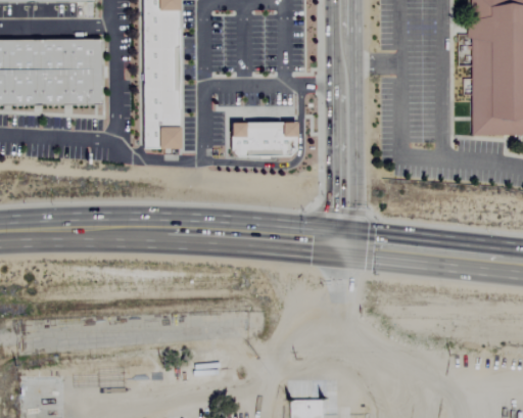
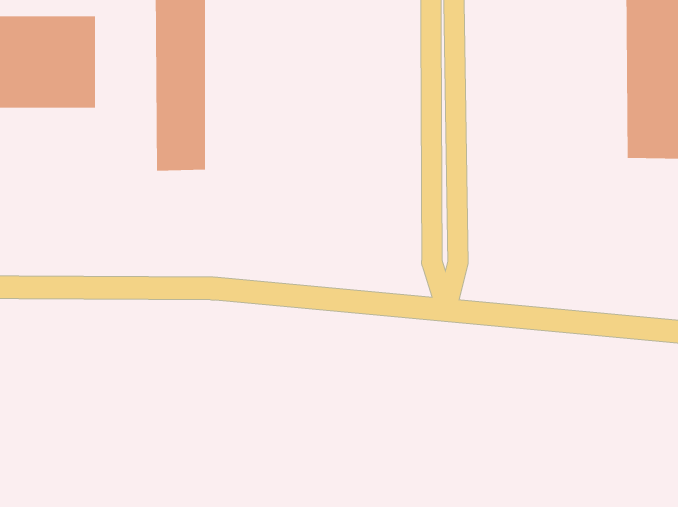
building: [232,121,297,156] -> none

